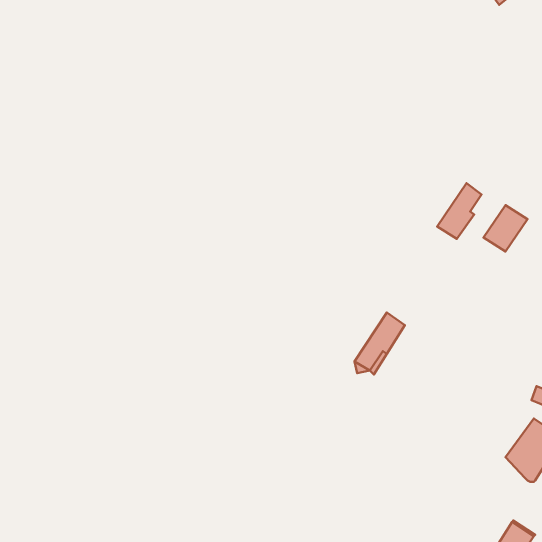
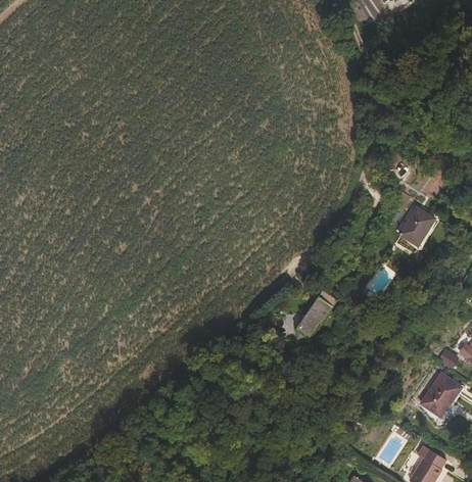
building: [437,183,482,239] -> none

